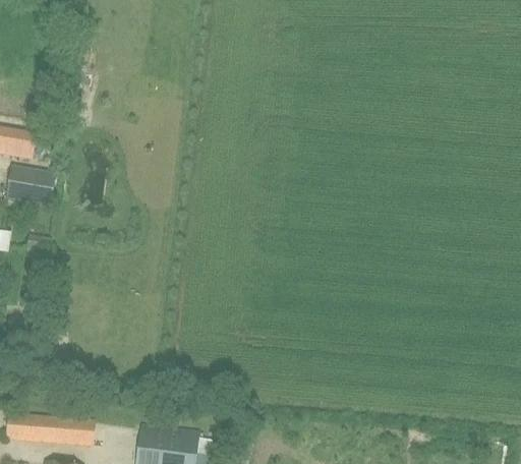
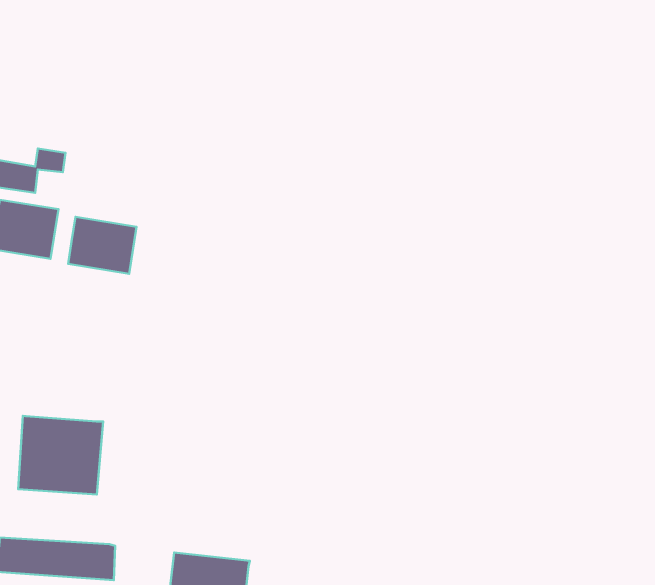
building: none -> [68,217,137,274]
building: none -> [18,416,103,495]

